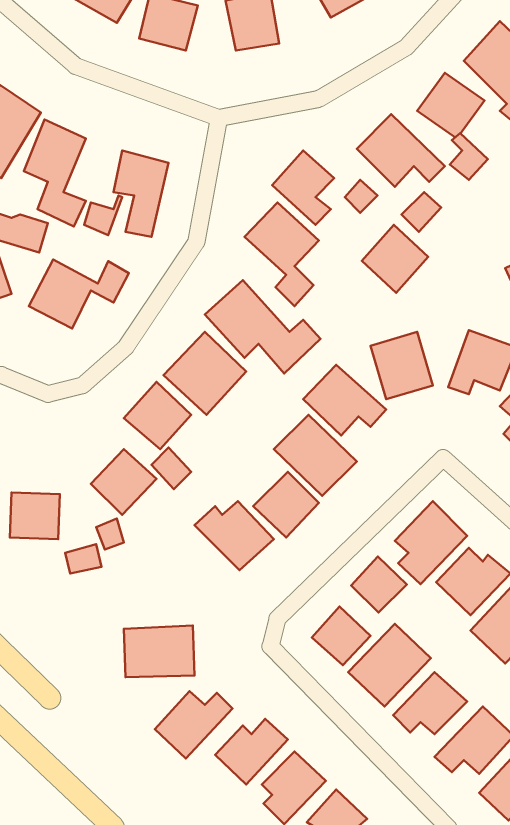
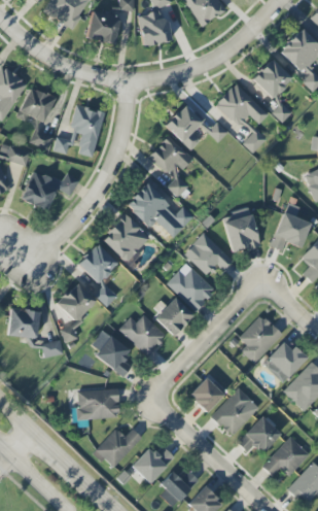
building: [362,225,428,293] -> none
building: none -> [89,331,132,375]
building: [351,557,407,612] -> none

